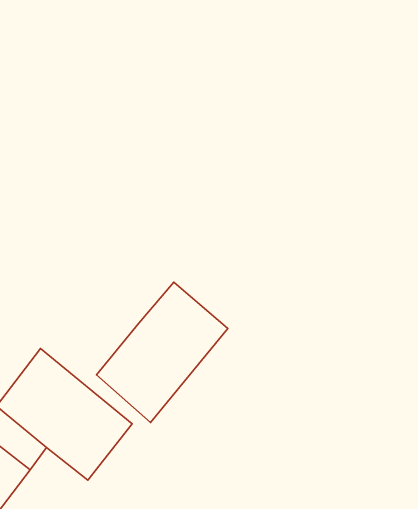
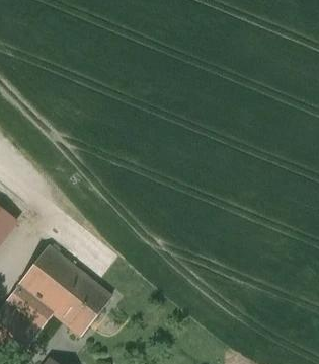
building: [96,282,228,423] -> none

